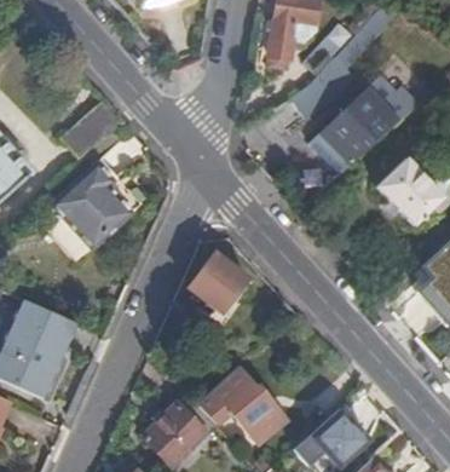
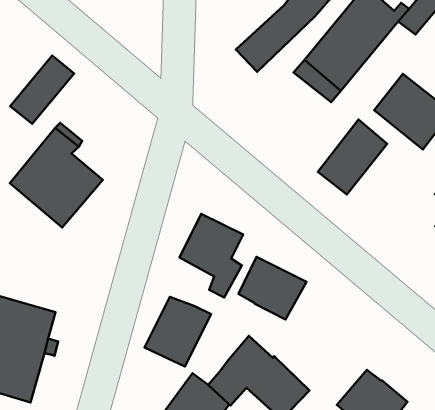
building: none -> [318,120,387,195]
building: none -> [238,257,306,319]
building: none -> [144,297,211,366]

